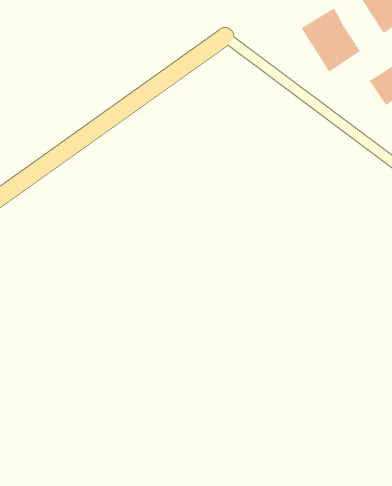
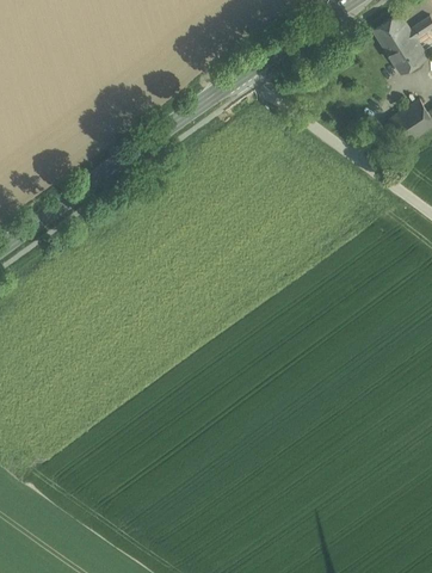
building: [301,7,361,72] -> none

